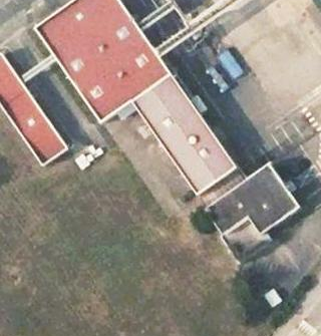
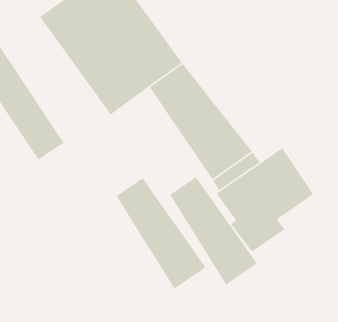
building: none -> [169,176,258,285]
building: none -> [115,177,206,290]

